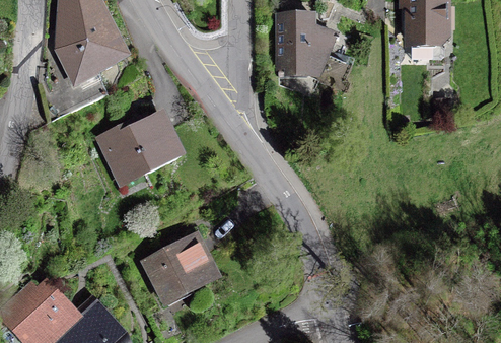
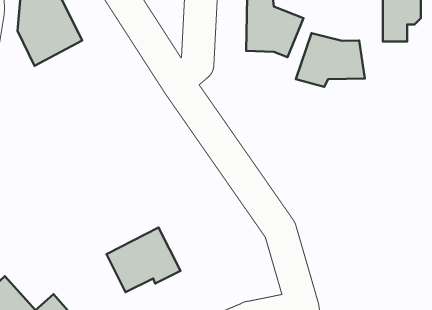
building: none -> [296,33,365,87]
building: [99,109,180,179] -> none

